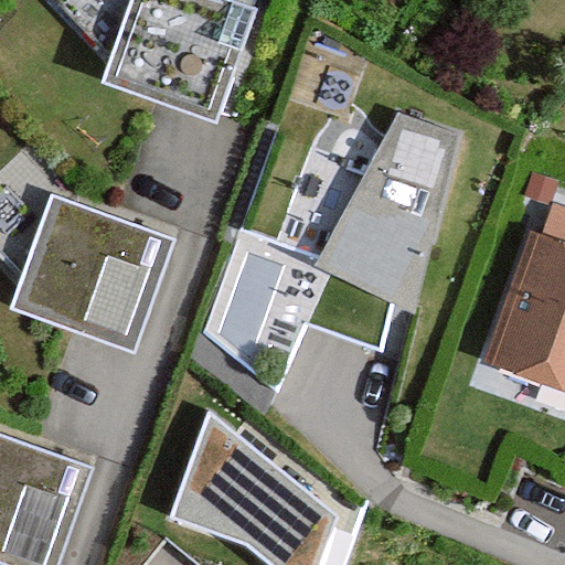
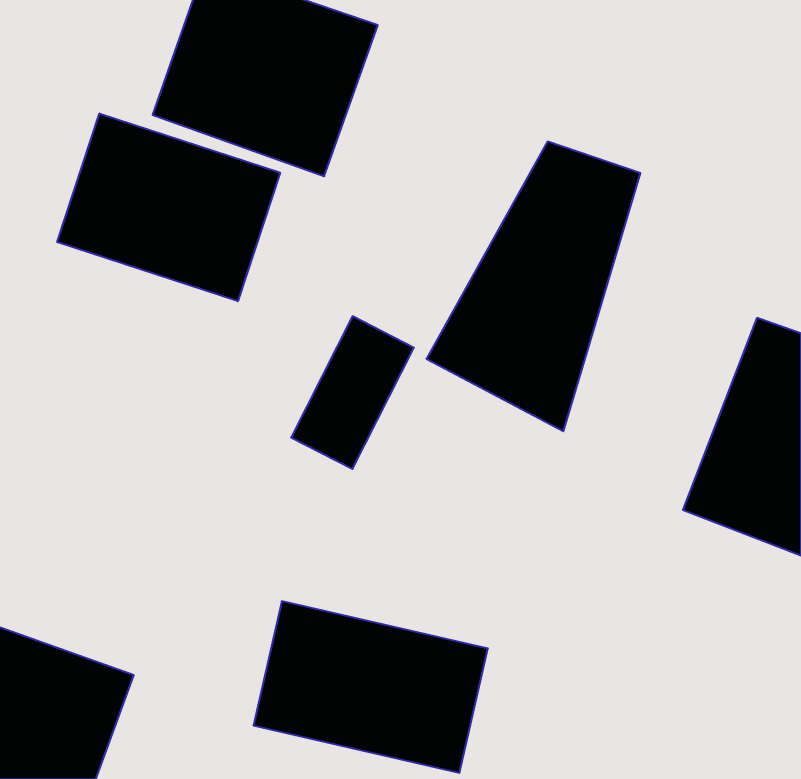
building: none -> [57,113,280,301]
building: [12,203,178,360] -> none

